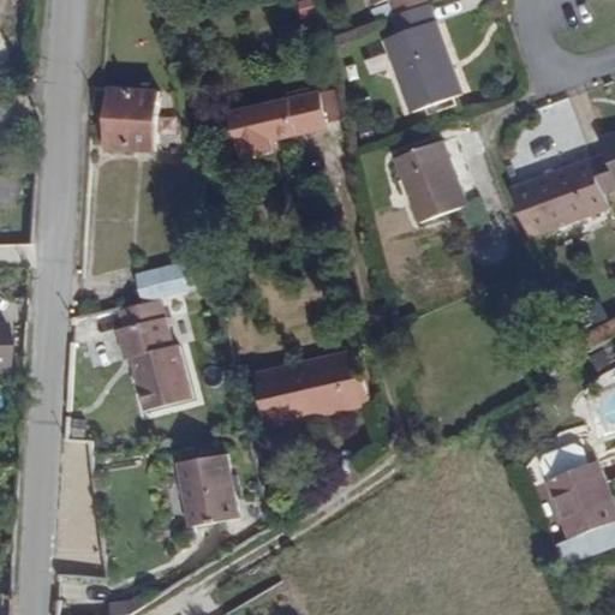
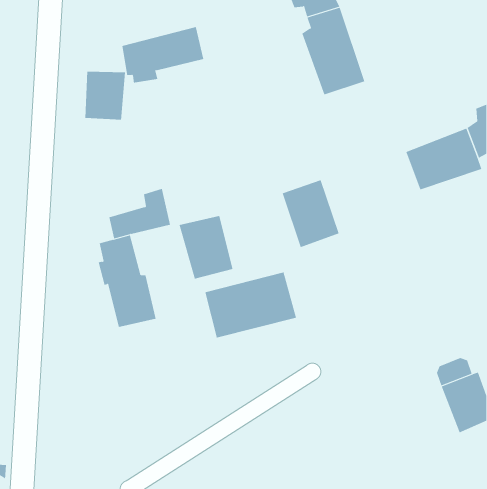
building: [223,92,327,163] -> [122,26,204,83]
building: [387,139,459,225] -> [282,180,340,248]
building: none -> [179,215,233,280]
building: [184,454,240,527] -> none

